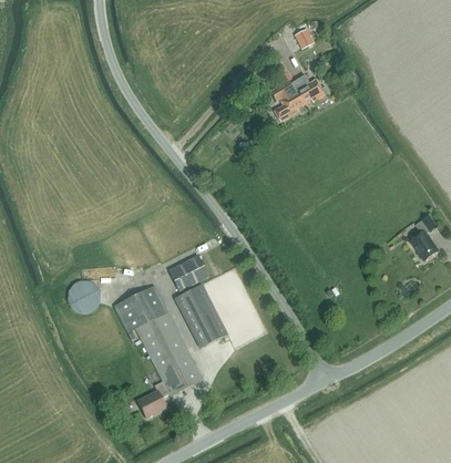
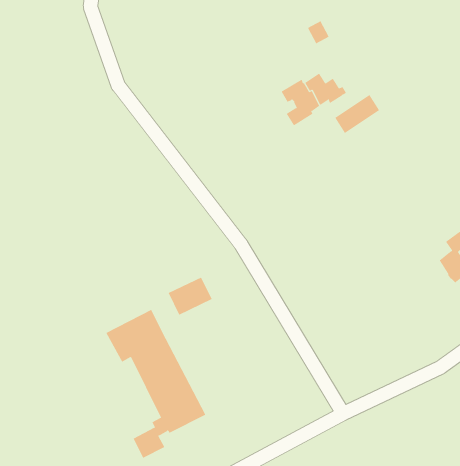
building: none -> [334,94,380,134]
building: [68,280,100,313] -> none
building: [175,284,227,348] -> none

